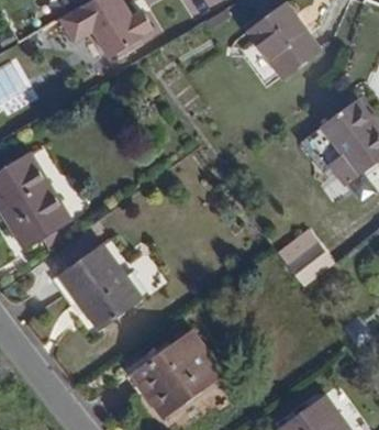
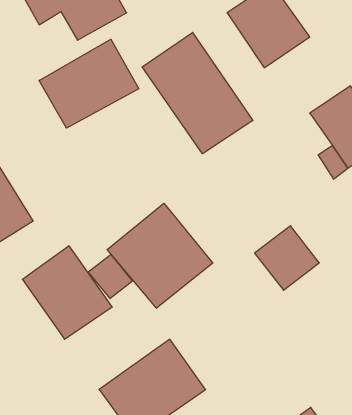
building: none -> [142,32,253,154]
building: none -> [39,39,139,128]
building: none -> [107,203,213,308]

